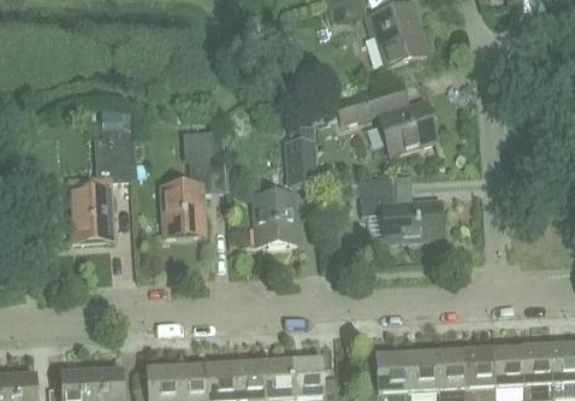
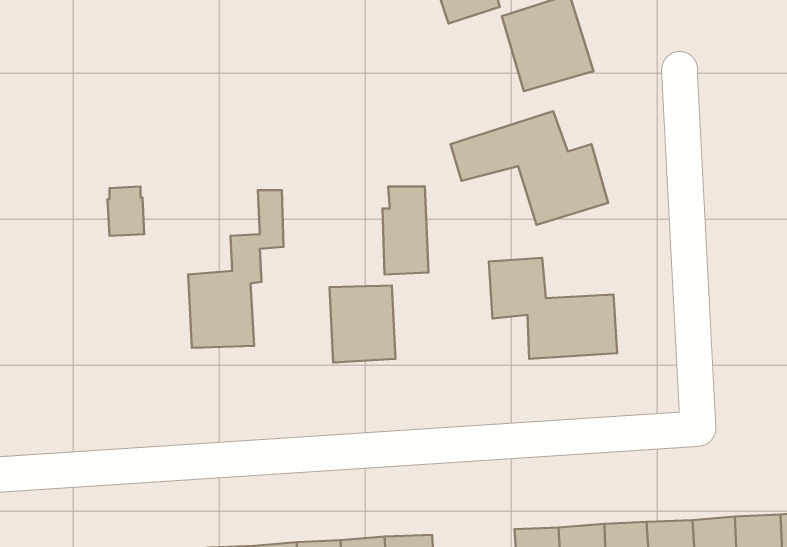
building: [69,176,112,238] -> none

